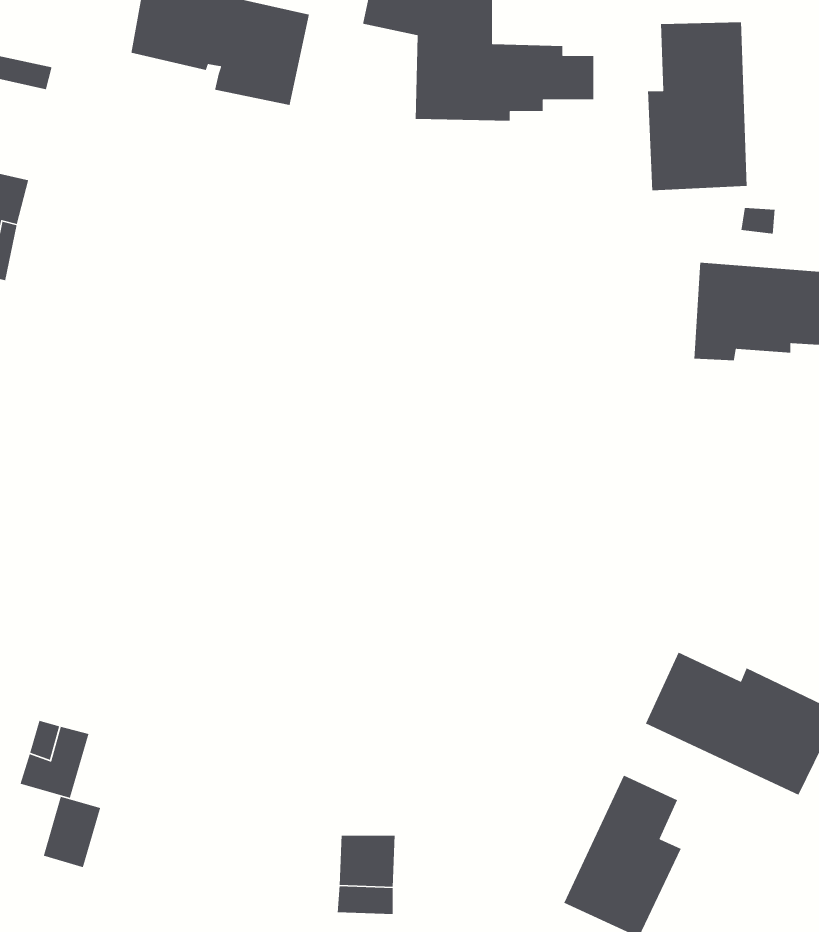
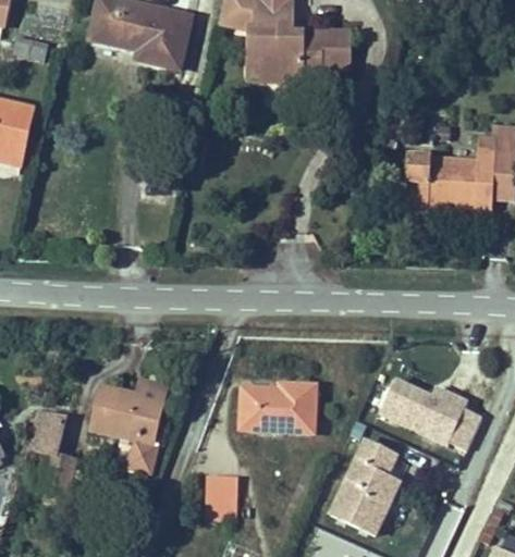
building: [647,21,747,191] -> none
building: none -> [93,376,168,472]
building: none -> [241,383,316,432]

